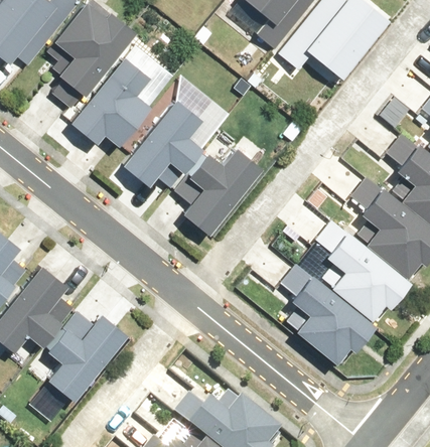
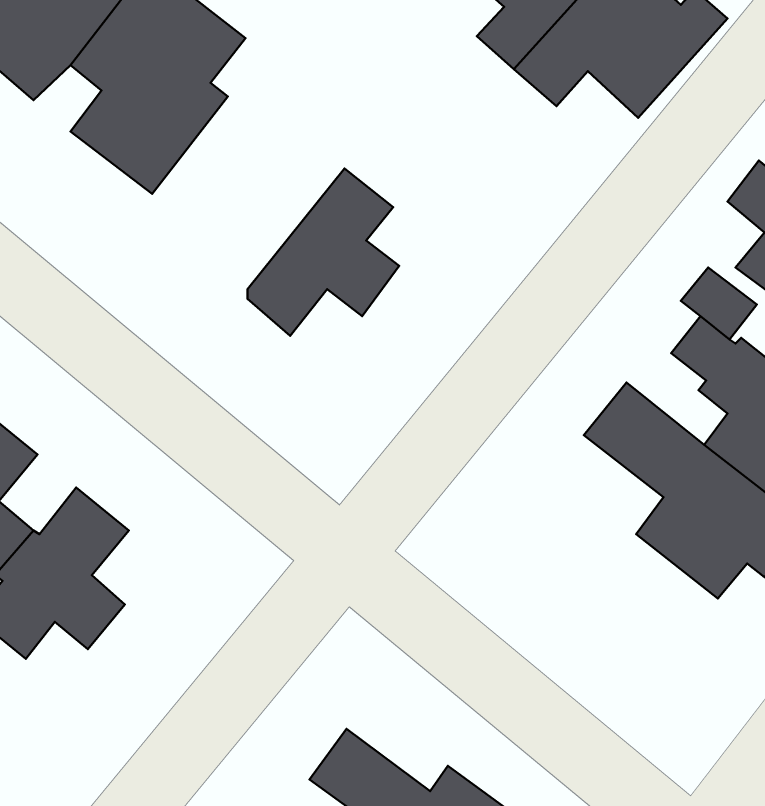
building: [71,54,157,148] -> none
building: [187,148,266,234] -> none
building: [268,257,385,364] -> none
building: [48,315,128,401] -> none

